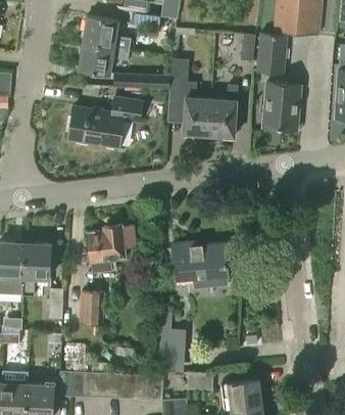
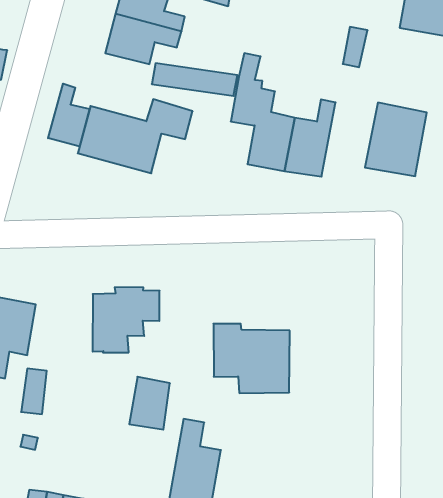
building: [255,33,288,75] -> none
building: none -> [48,84,90,147]
building: [79,290,103,324] -> [129,377,170,430]

